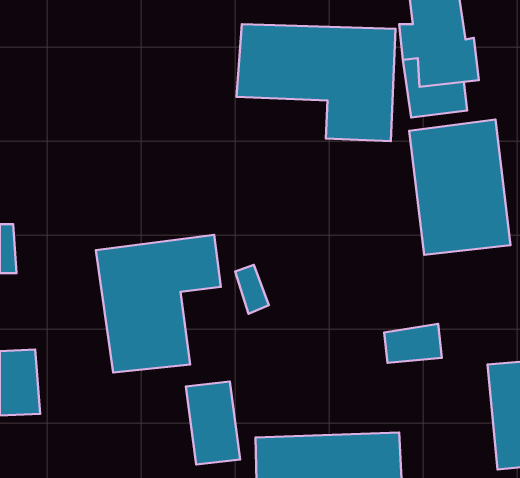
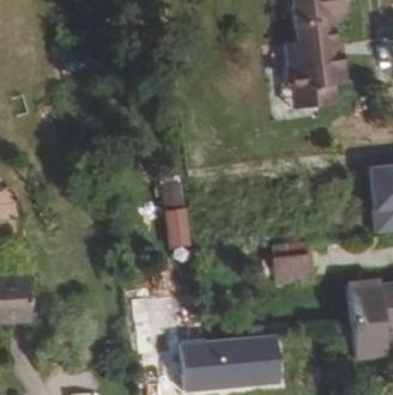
building: [236,24,395,141] -> none
building: [409,120,511,255] -> none
building: [96,235,221,372] -> none

